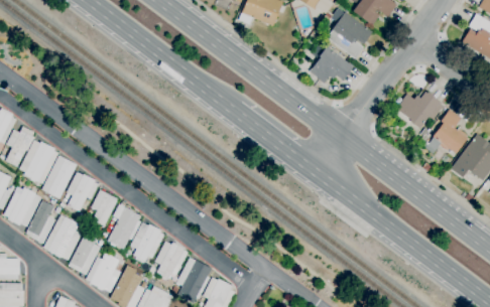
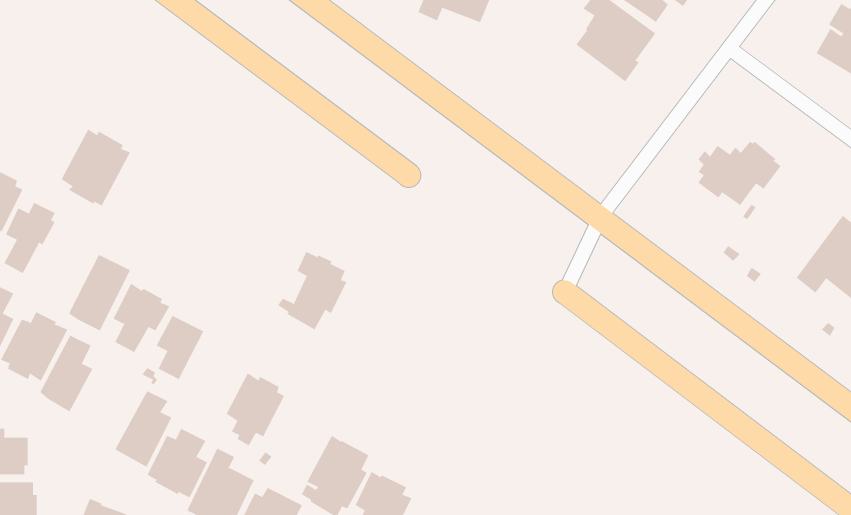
building: [310,46,353,83] -> none
building: [427,109,467,153] -> none
building: [19,140,58,183] -> [61,129,131,206]
building: [102,204,141,249] -> [277,251,347,330]
building: [43,214,81,260] -> none
building: [154,242,188,279] -> none

